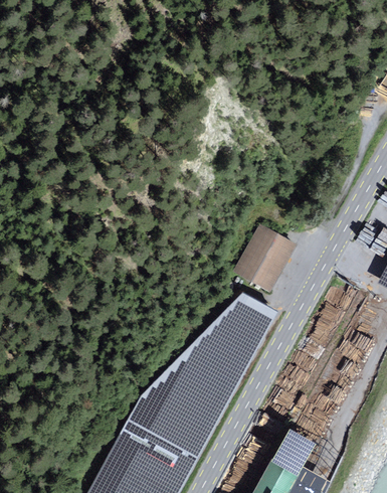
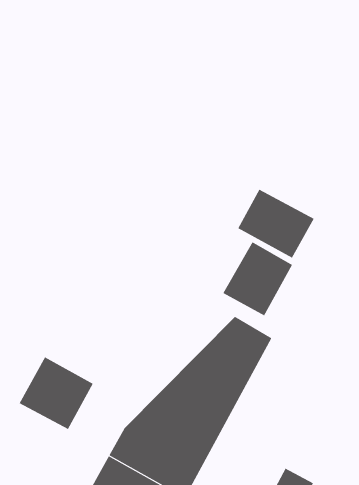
building: none -> [238,189,315,259]
building: none -> [19,356,94,430]

